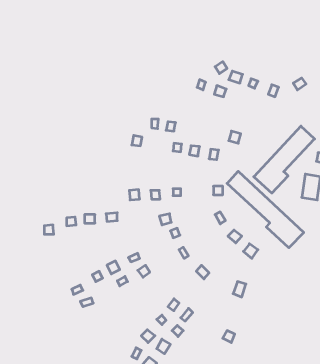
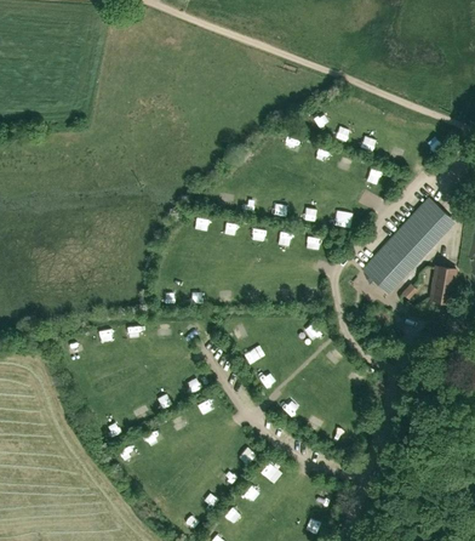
building: [227,171,304,248] -> none

